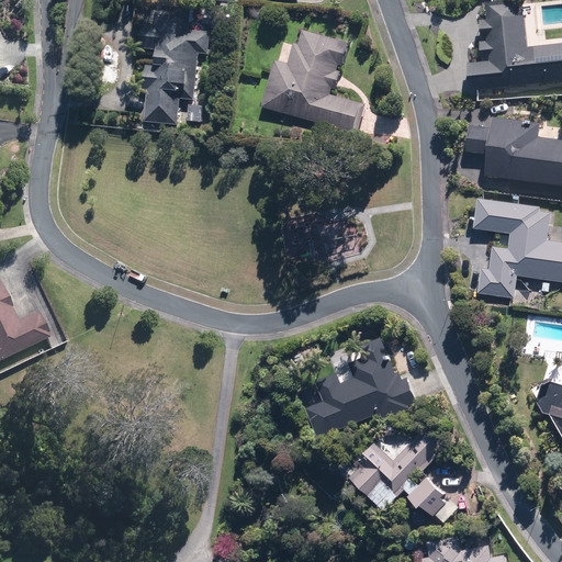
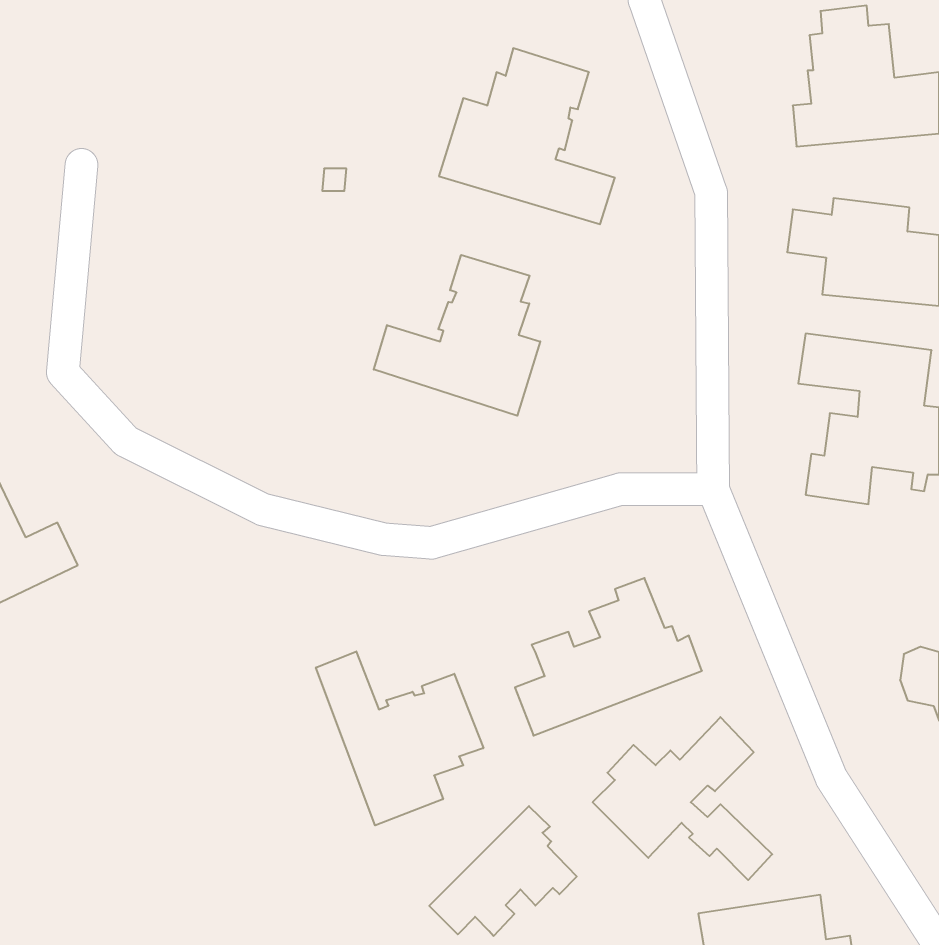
building: [143,5,207,124] -> none
building: none -> [374,255,540,416]
building: none -> [316,651,483,825]
building: none -> [429,806,577,936]

